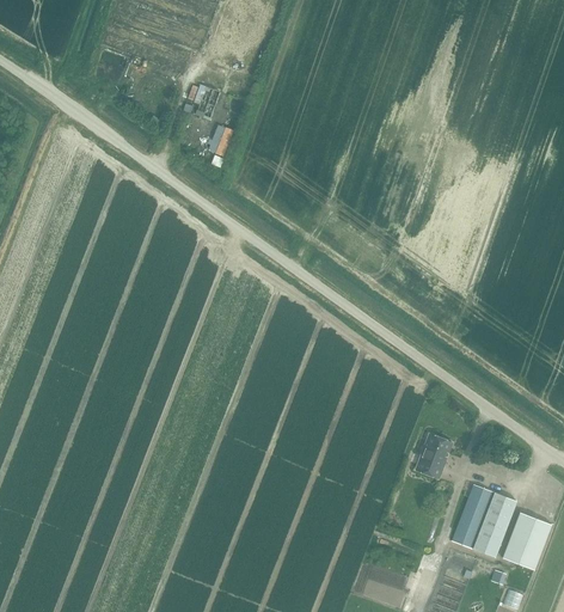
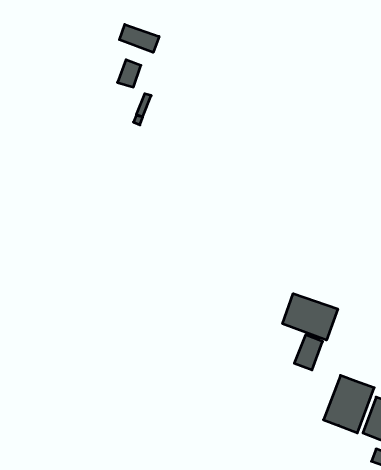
building: none -> [119,24,159,52]
building: none -> [283,294,338,340]

